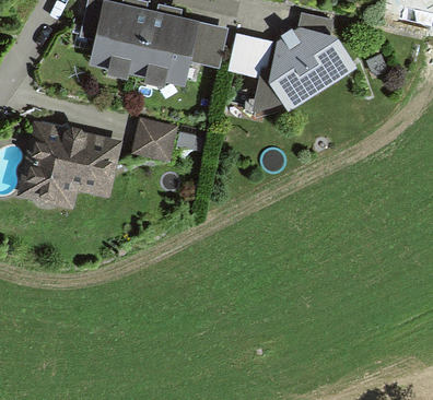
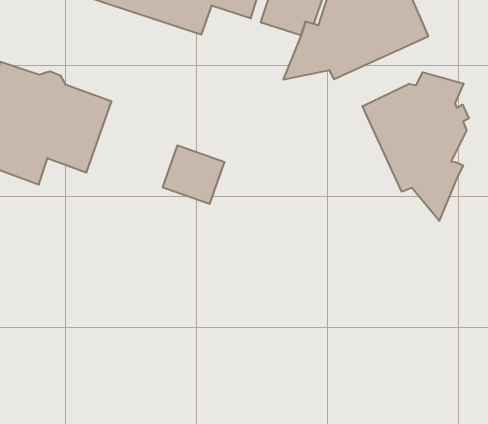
building: none -> [362,72,469,221]
building: [131,118,176,160] -> [163,145,225,204]

